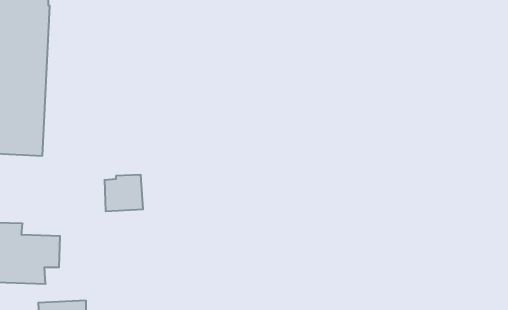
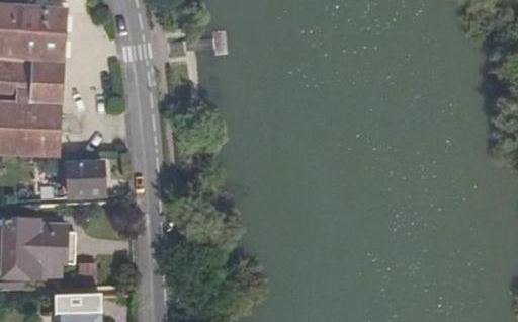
building: [104,175,143,211] -> [67,163,104,198]

